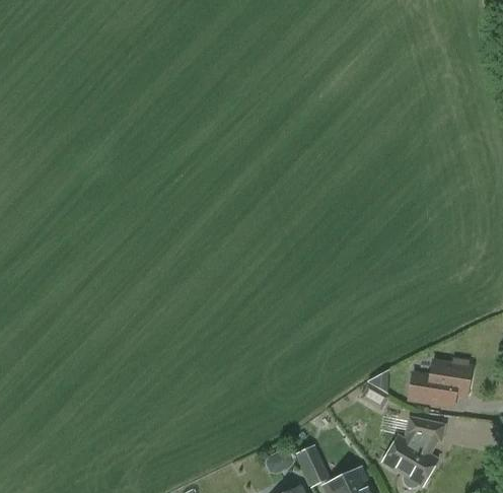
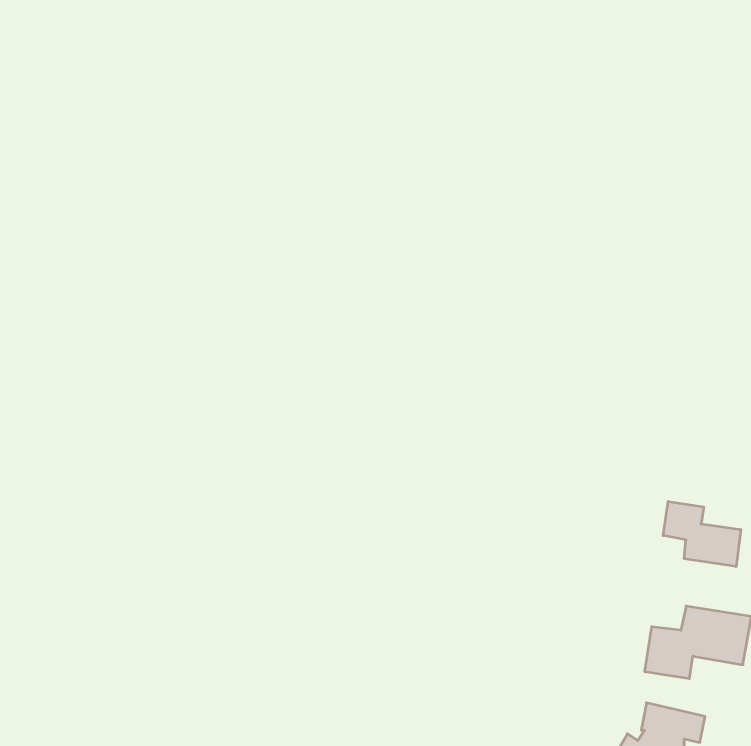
building: none -> [663,501,741,567]

